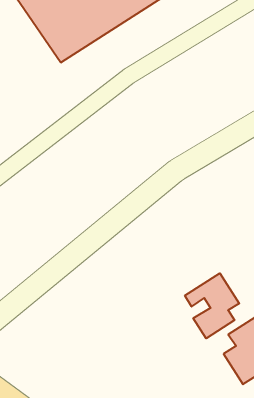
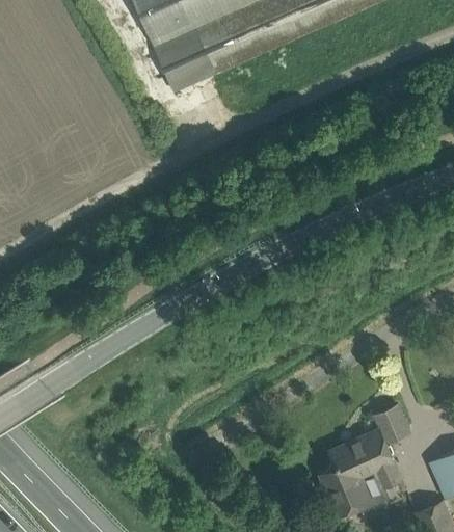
building: [185,273,239,338] -> none

